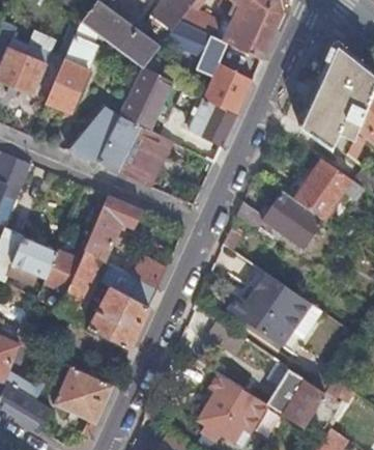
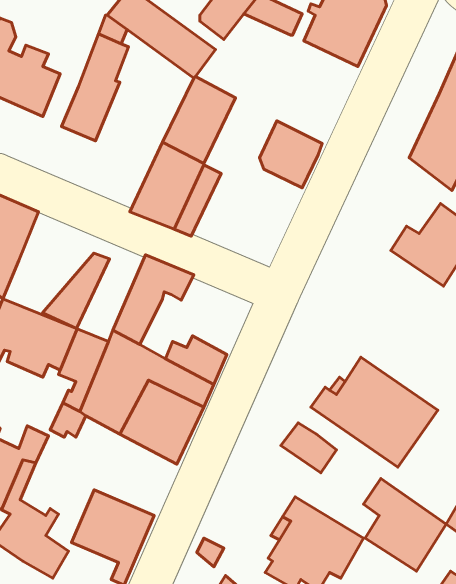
building: [162,21,213,61] -> none
building: [189,58,253,115] -> none
building: [71,110,120,165] -> [42,253,109,329]
building: [236,190,324,249] -> none

